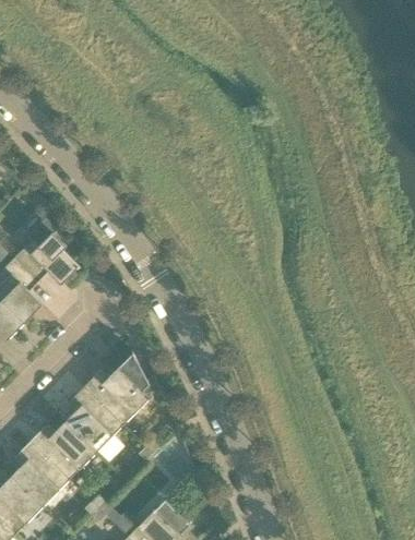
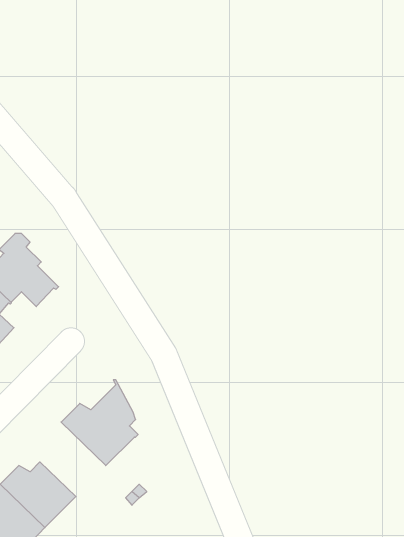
building: [63,387,121,453] -> none

